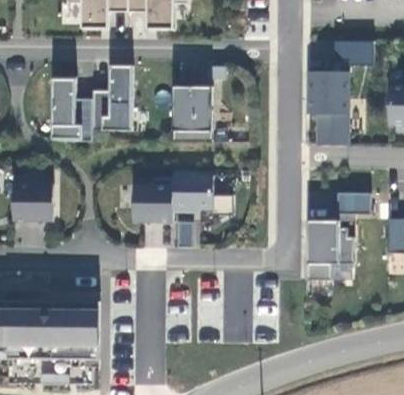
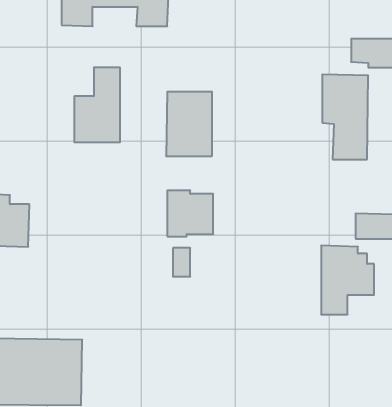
building: [52,74,92,139] -> none
building: [133,176,173,221] -> none

